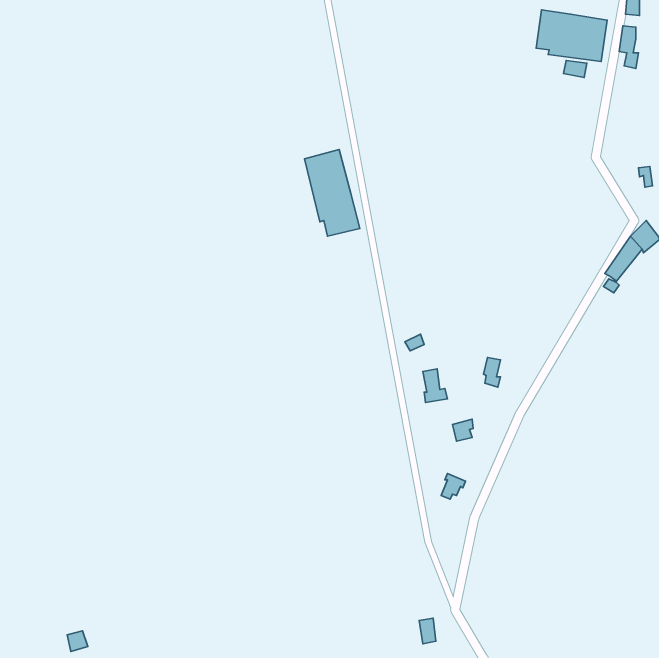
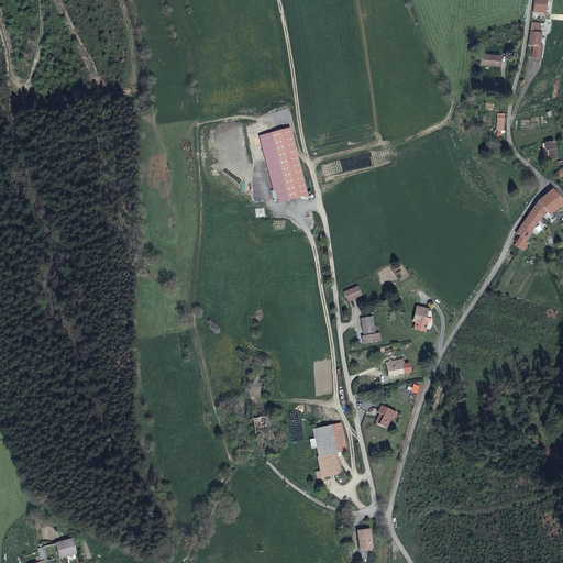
building: [536,10,607,61] -> none
building: none -> [309,421,347,477]

